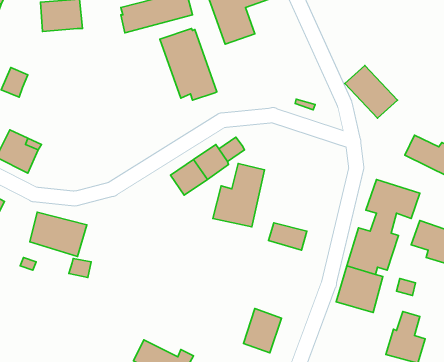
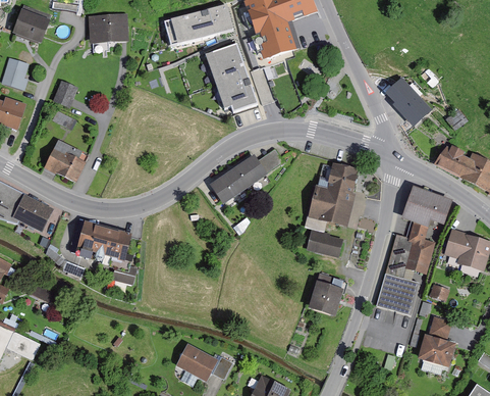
building: [213,164,265,227] -> [311,162,361,224]
building: [243,309,281,353] -> [311,273,347,315]

